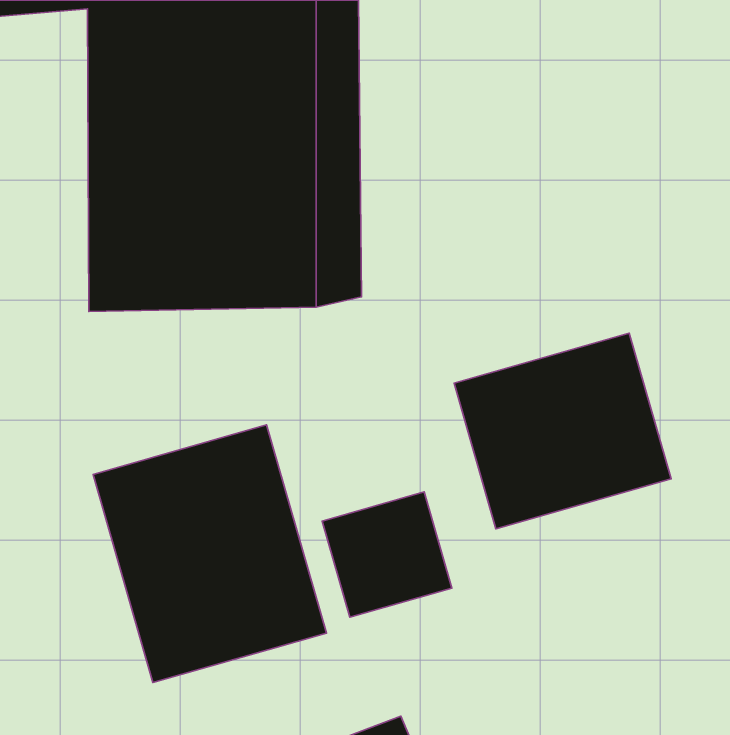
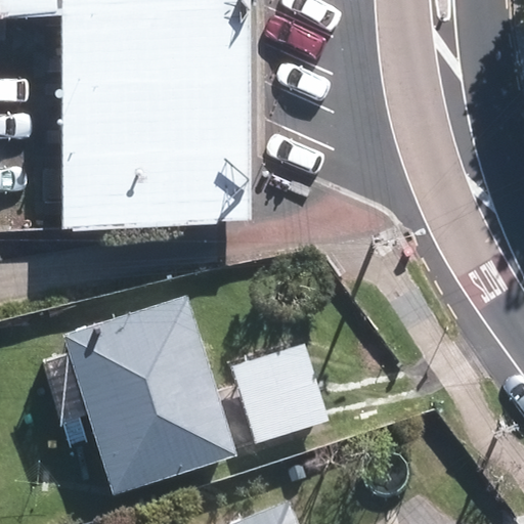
building: [454,333,671,529] -> none

